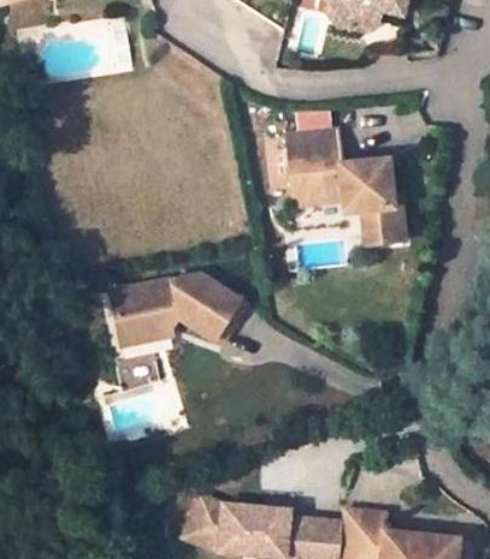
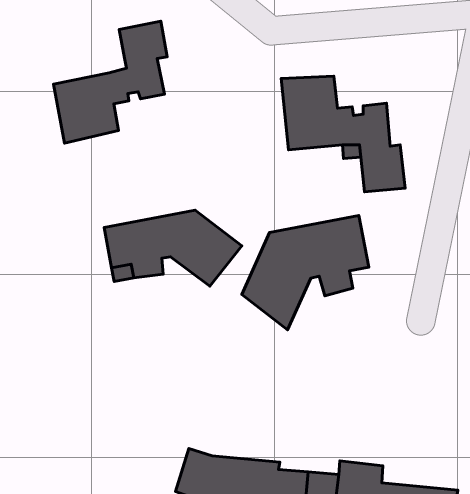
building: none -> [53,21,167,143]
building: none -> [242,215,369,330]

